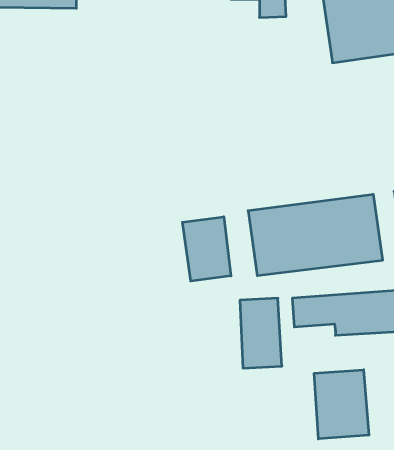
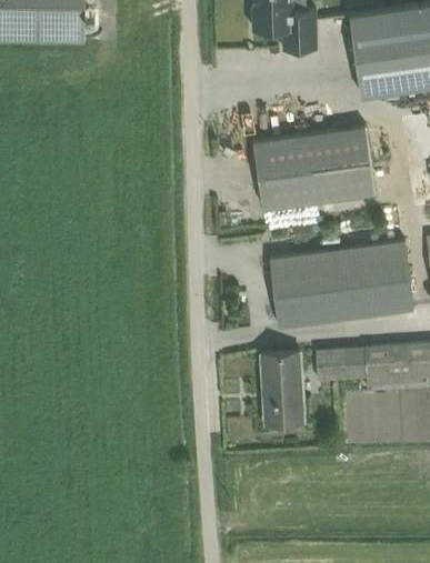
building: none -> [256,127,376,208]
building: [182,217,231,281] -> none
building: [314,370,369,439] -> none

